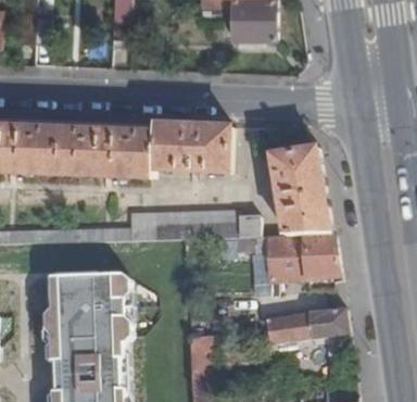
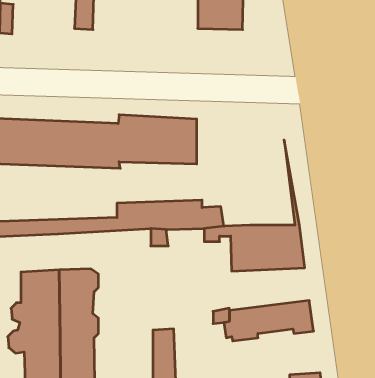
building: [273,149,329,234] -> none

